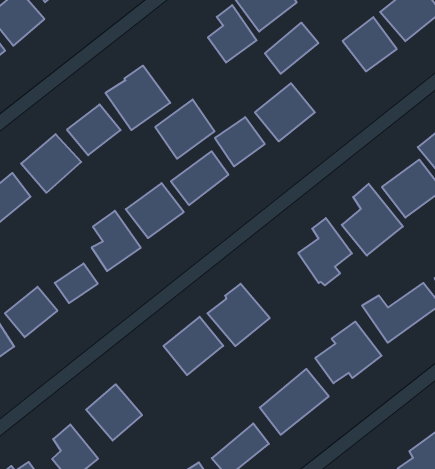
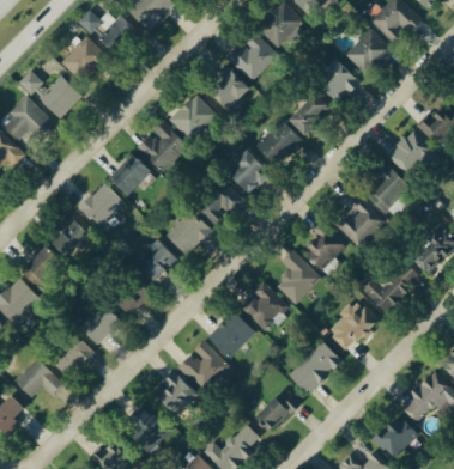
building: [265,23,318,74] -> [289,92,329,134]
building: [155,99,215,159] -> [169,93,216,141]
building: none -> [273,250,321,305]
building: none -> [177,341,228,391]

